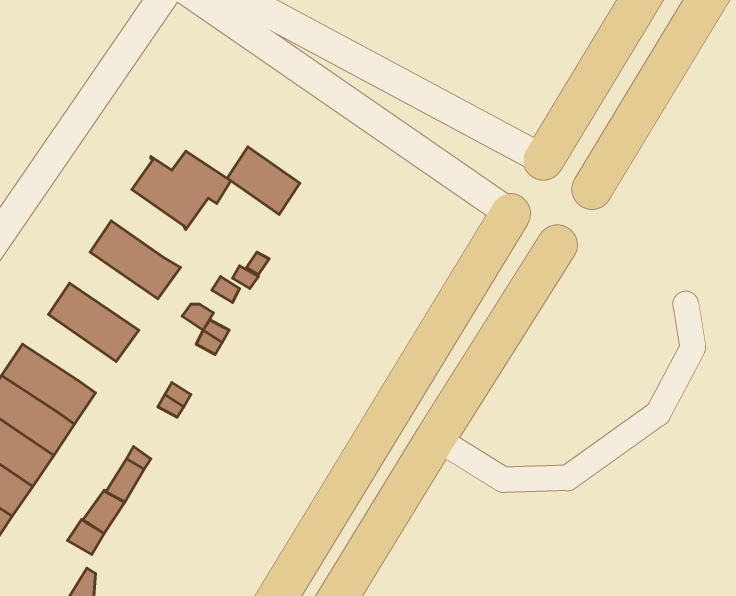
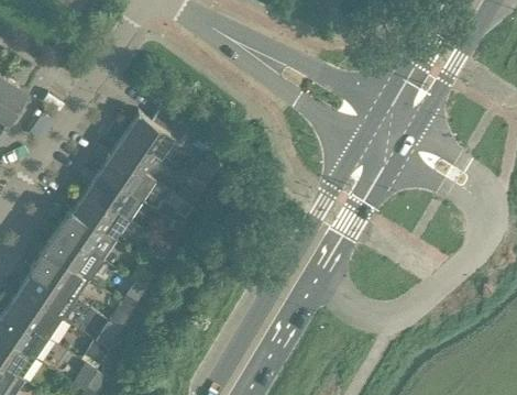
building: [227,147,300,215] -> [111,133,157,176]
building: none -> [85,173,141,222]
building: none -> [55,210,114,262]

